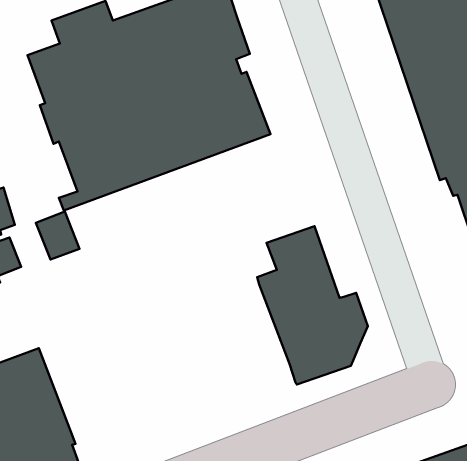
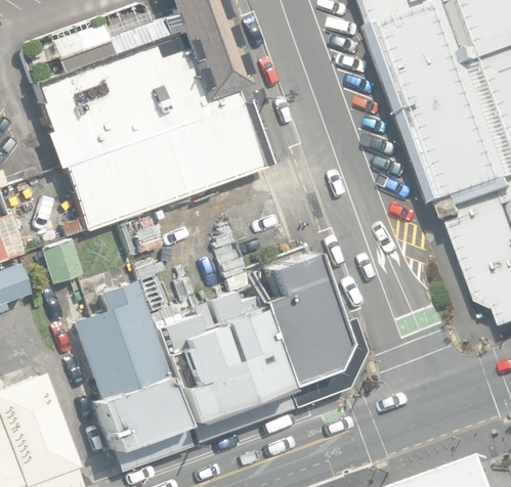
building: none -> [73,280,191,472]
building: none -> [157,291,291,447]

